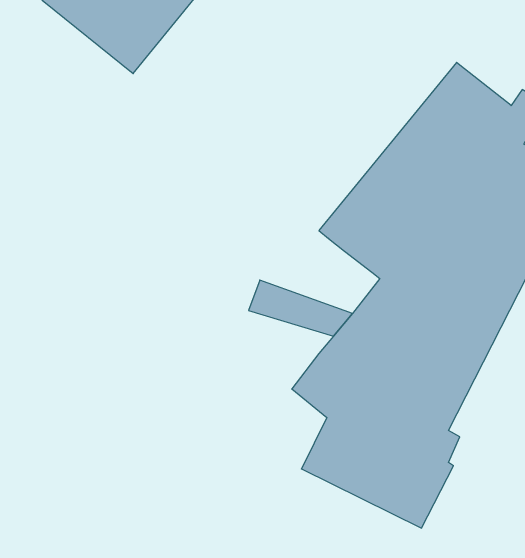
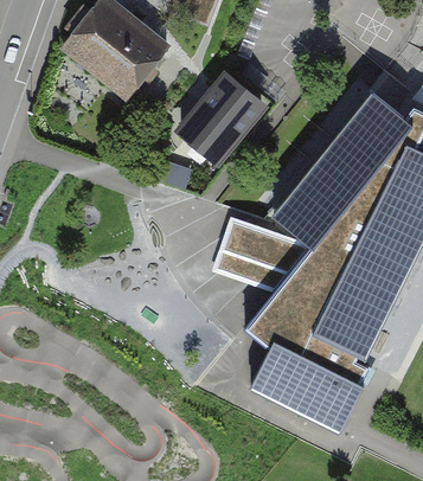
building: none -> [178,75,269,169]
building: none -> [223,216,312,272]

